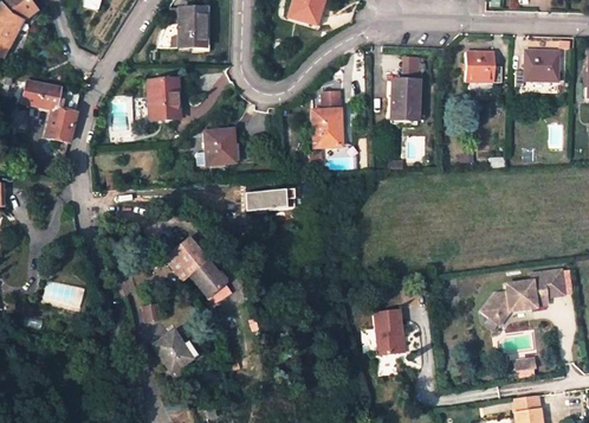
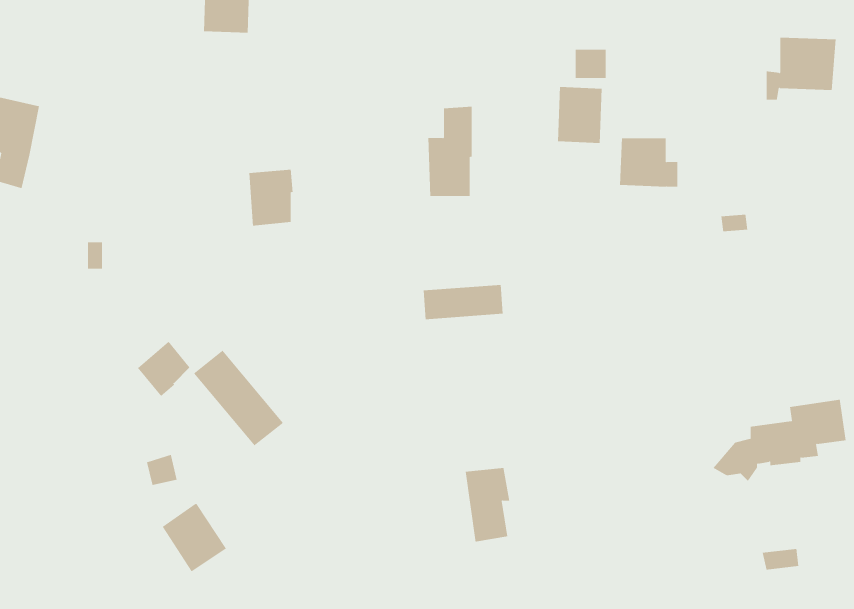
building: [466,52,501,82] -> [619,138,678,187]
building: [150,78,177,120] -> none
building: [247,190,296,211] -> [423,284,503,320]
building: none -> [137,341,190,397]
building: [376,309,403,354] -> [465,468,510,542]

